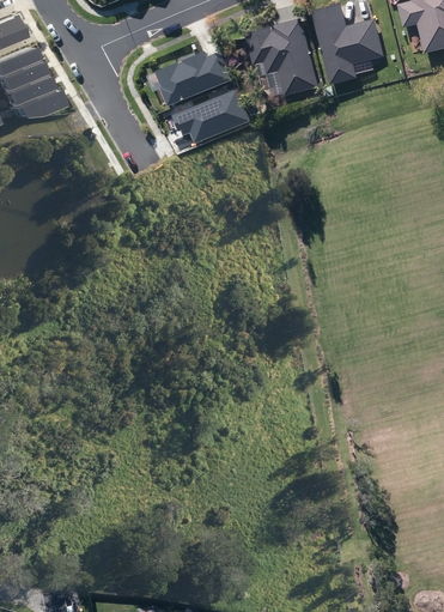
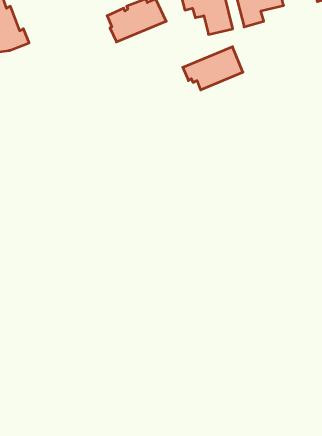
building: [174,87,250,143] -> [183,47,243,90]

